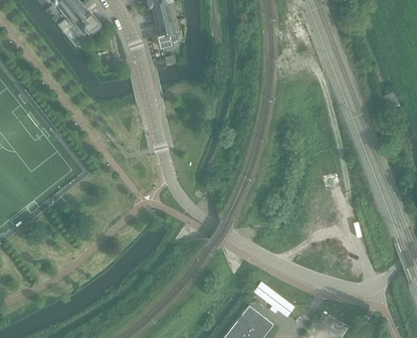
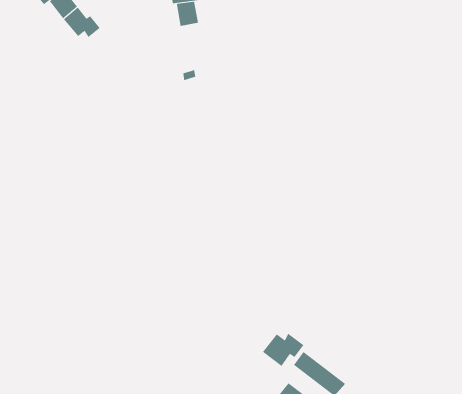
building: [159,19,179,43] -> none
building: none -> [262,333,304,367]

